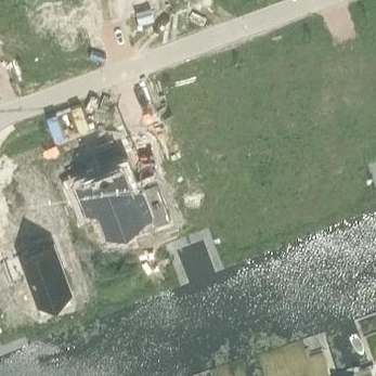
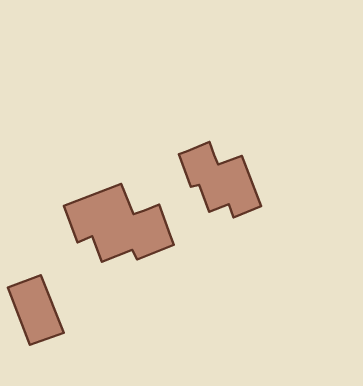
building: none -> [179,142,261,217]

